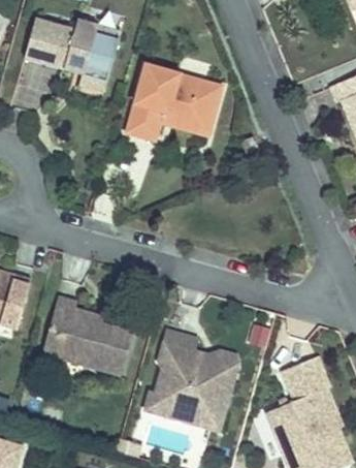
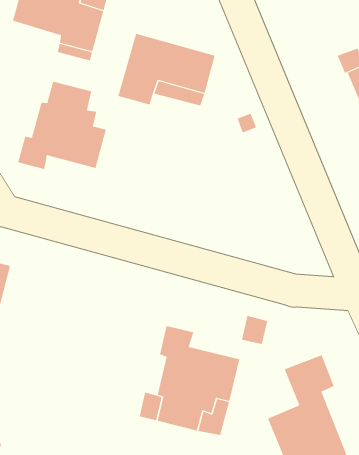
building: none -> [17,81,106,170]
building: [43,294,133,375] -> none

